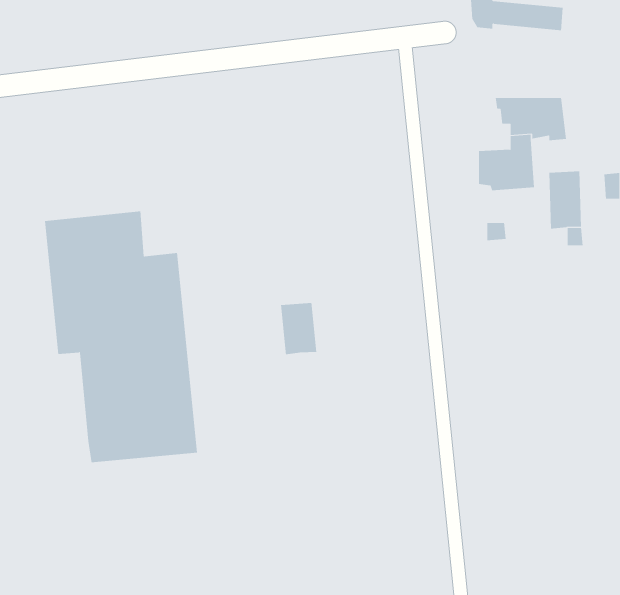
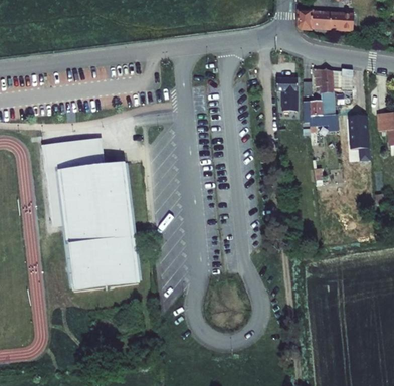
building: none -> [279,78,300,113]
building: [280,302,317,355] -> none

